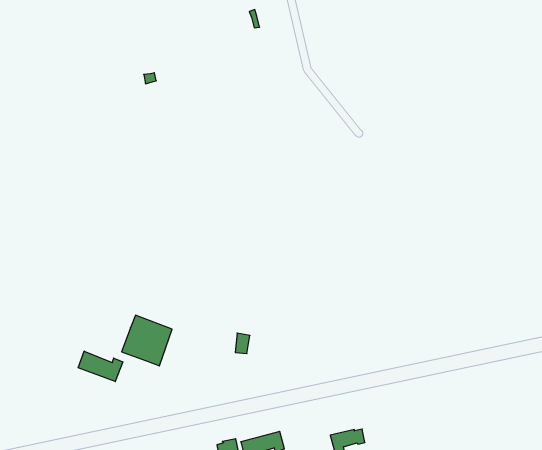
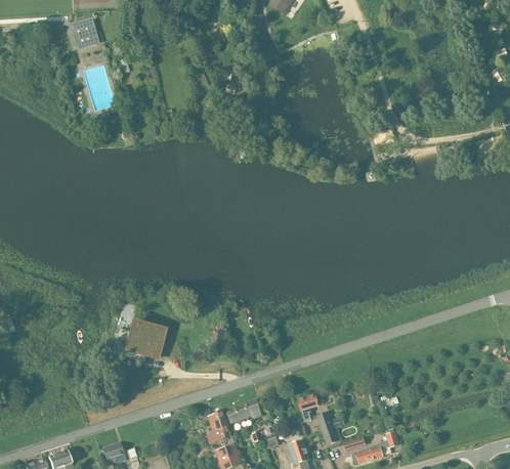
building: [78,351,123,382] -> none

